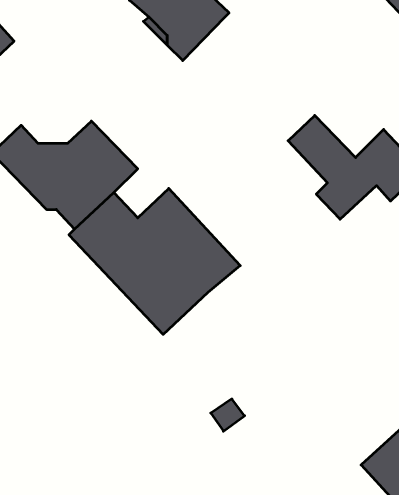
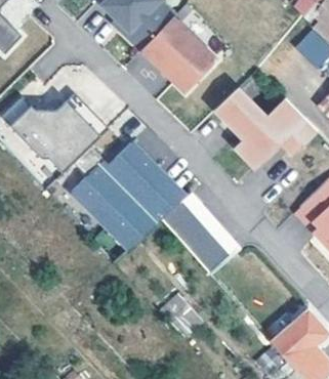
building: none -> [141,17,217,92]
building: none -> [160,199,233,275]

